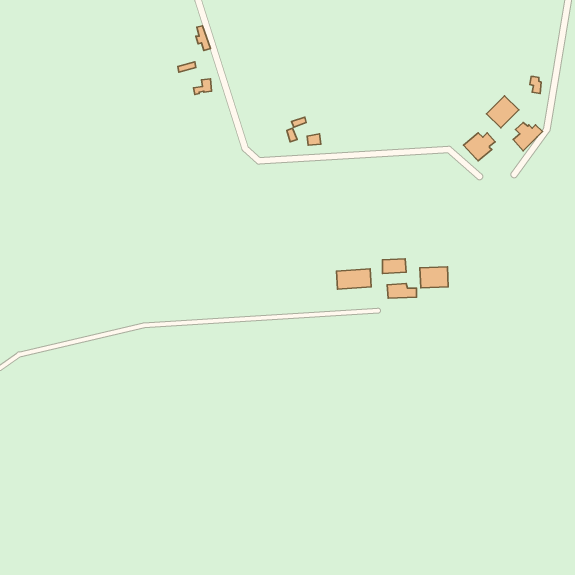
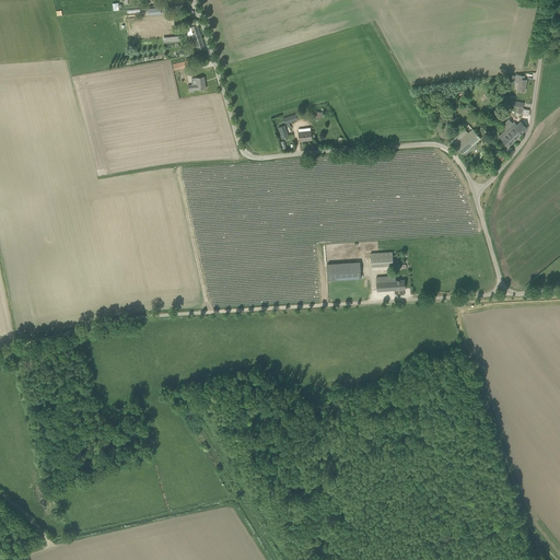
building: [487,96,519,128] -> none
building: [420,267,448,288] -> none

